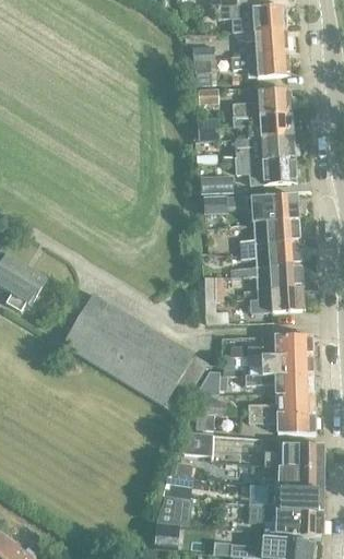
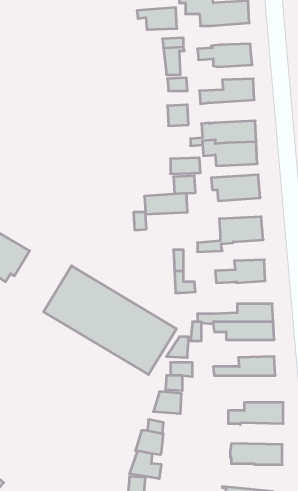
building: [244,28,287,52] -> [137,8,177,30]
building: [233,112,293,138] -> none
building: [240,219,299,260] -> [134,193,187,230]
building: [256,265,303,288] -> none
building: [244,373,313,394] -> none
building: [248,414,315,435] -> none
building: [266,465,323,489] -> none
building: [247,503,322,535] -> none

